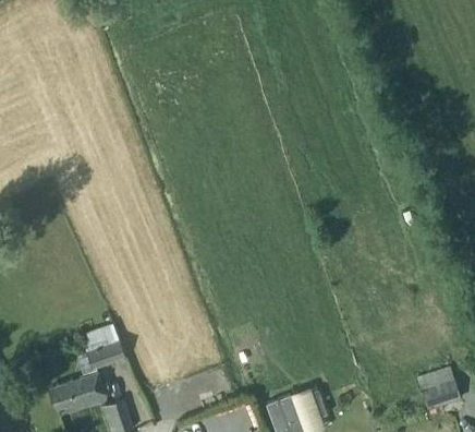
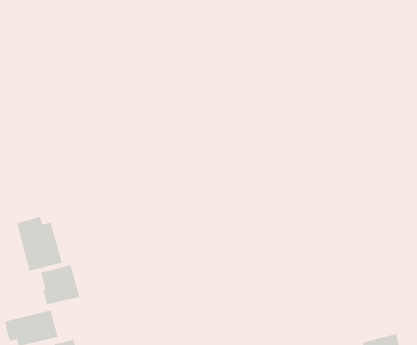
building: none -> [16,216,63,272]

